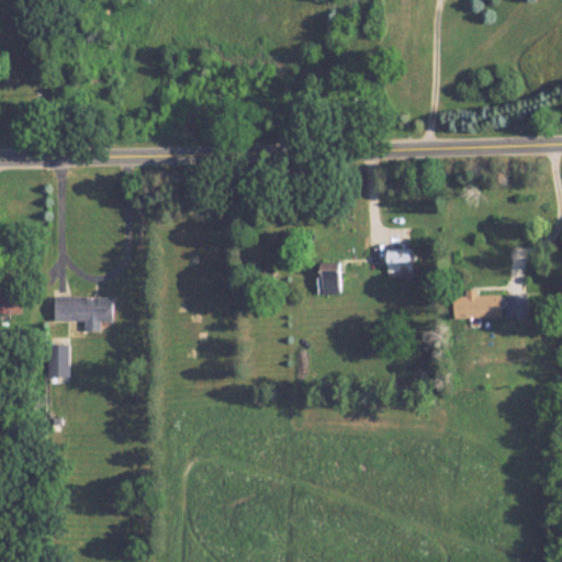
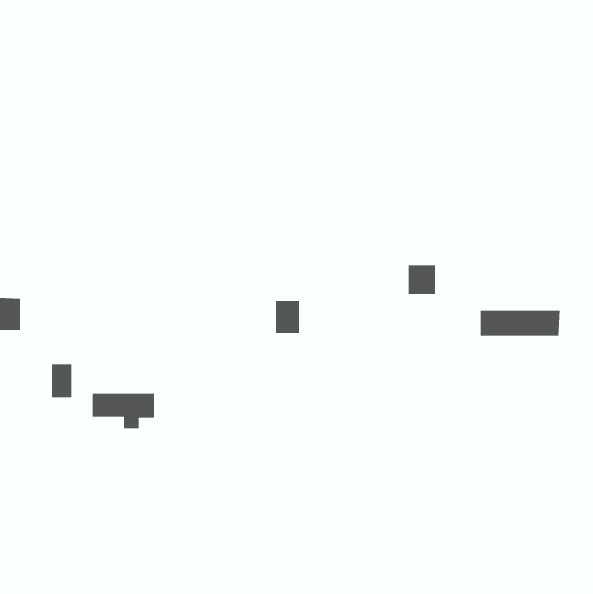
building: [315,263,338,295] -> [275,300,300,334]
building: [55,296,114,330] -> [92,393,155,429]

